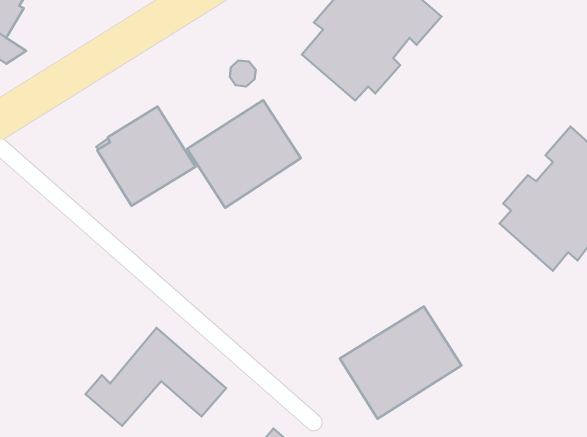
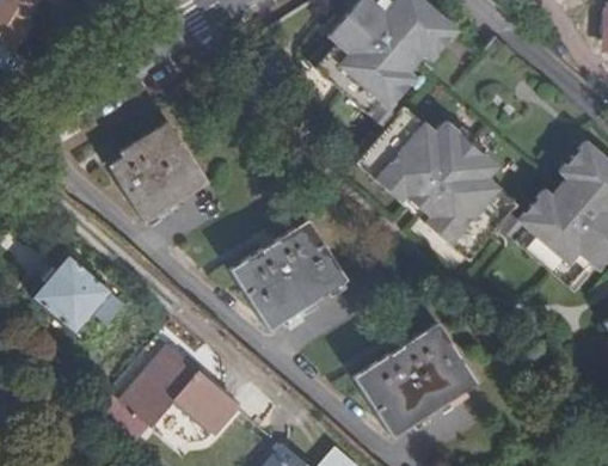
building: none -> [356,106,517,259]
building: [187,100,301,208] -> [231,220,345,329]
building: none -> [32,256,123,330]

